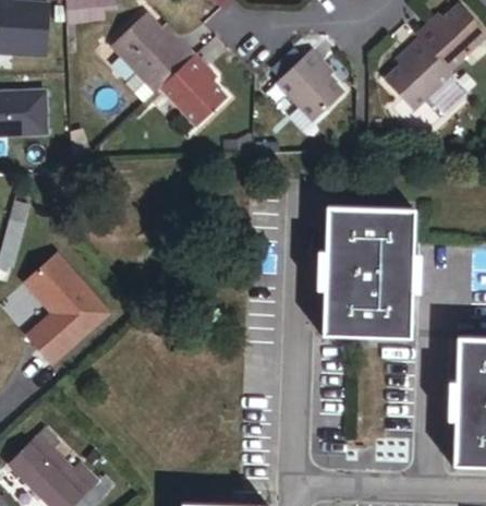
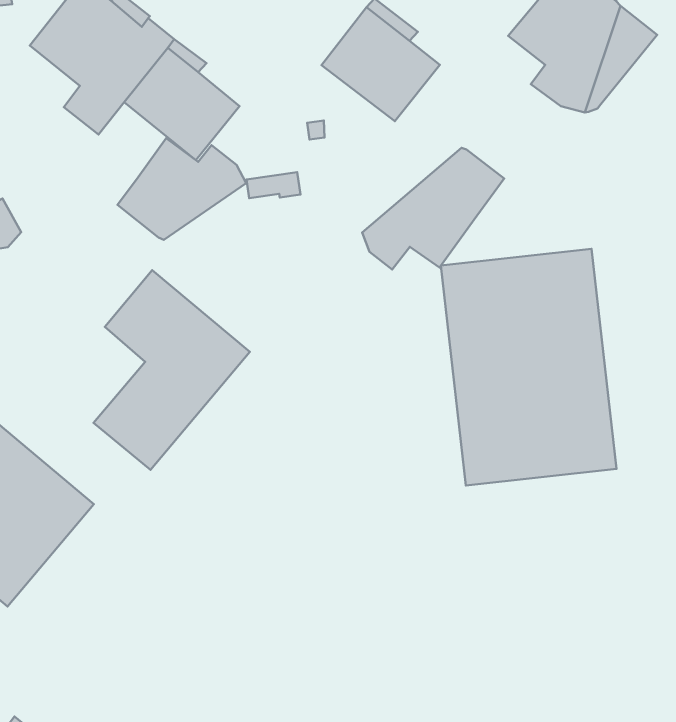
building: none -> [118,138,246,240]
building: none -> [362,148,504,270]
building: none -> [94,270,250,470]

